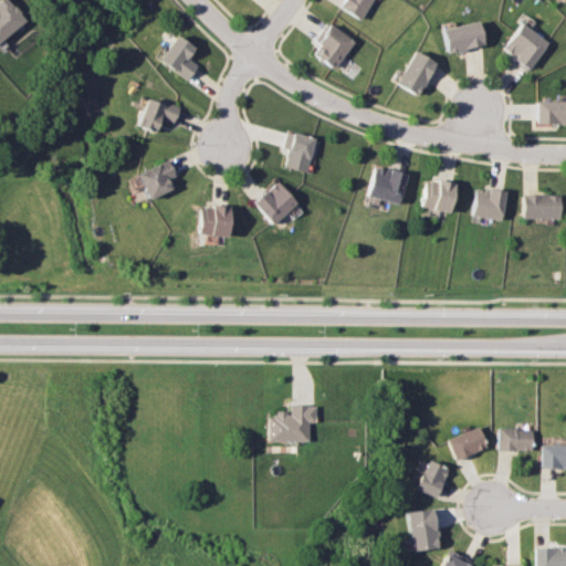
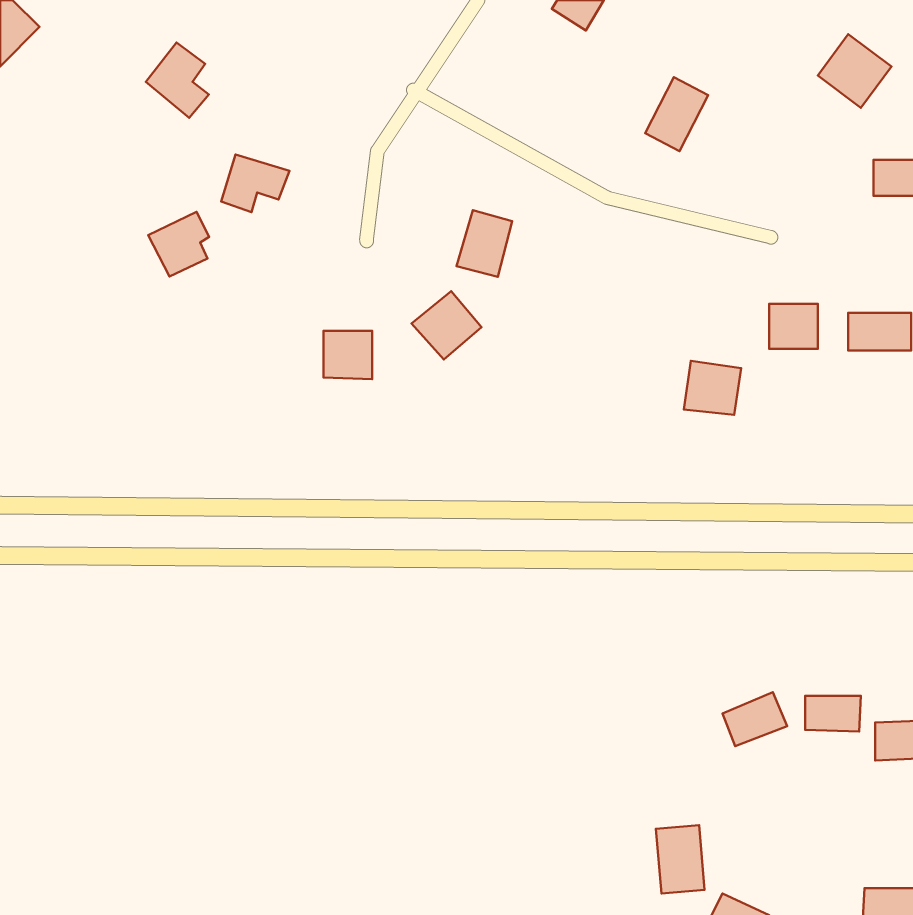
building: [447,20,489,53] -> none
building: [315,25,357,69] -> none
building: [161,34,200,81] -> [146,42,209,118]
building: [139,159,177,199] -> [148,212,209,277]
building: [371,166,410,203] -> none
building: [424,178,460,211] -> [684,361,741,415]
building: [269,406,317,442] -> none
building: [417,461,448,499] -> none

